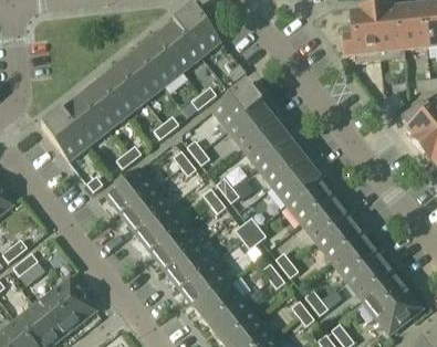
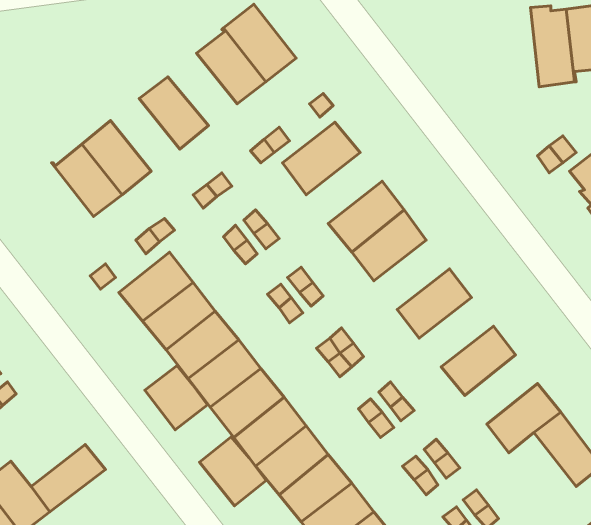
building: [343,7,381,61] -> none
building: [137,36,183,84] -> none
building: [100,66,145,114] -> none
building: [228,102,278,148] -> none
building: [41,108,89,159] -> none
building: [272,159,322,204] -> none
building: [302,197,351,242] -> none
building: [332,234,379,280] -> none
building: none -> [145,366,207,430]
building: [34,276,83,320] -> none
building: [361,285,405,334] -> none
building: none -> [200,437,266,506]

